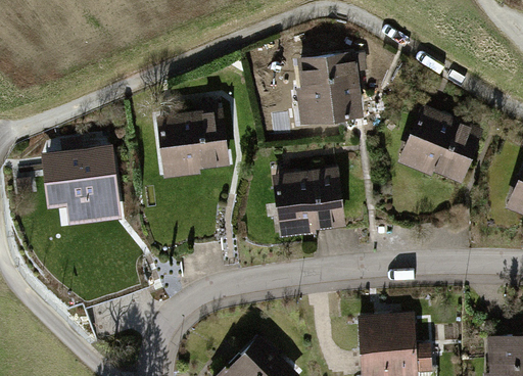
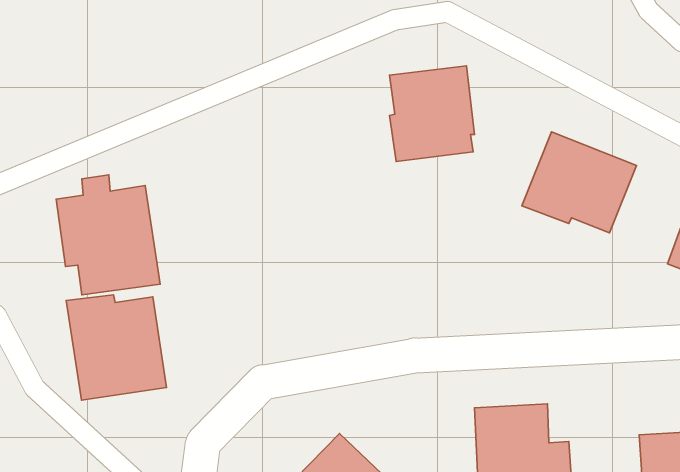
building: [156,100,232,177] -> none
building: [273,168,348,236] -> none
building: none -> [66,295,167,400]

